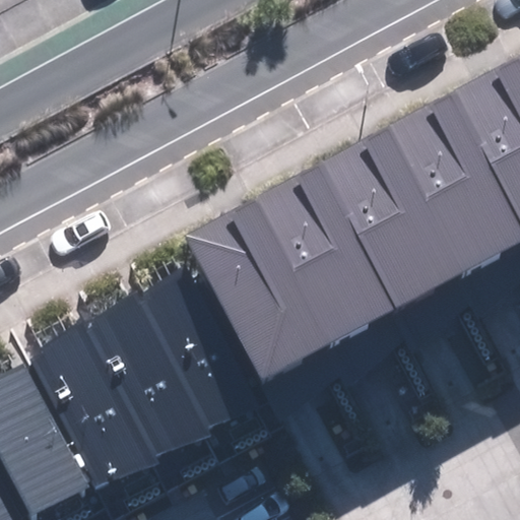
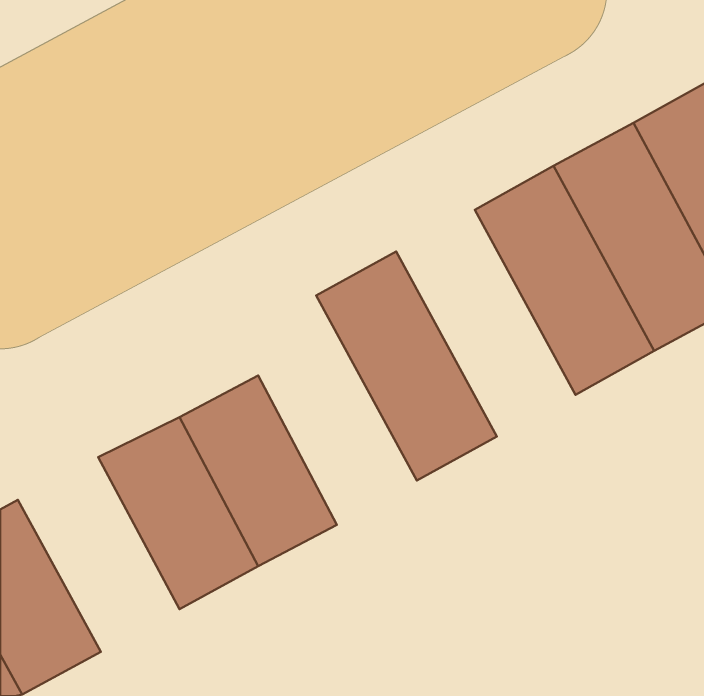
building: [292,154,425,321] -> none
building: [176,217,308,386] -> none
building: [14,336,133,479] -> none

